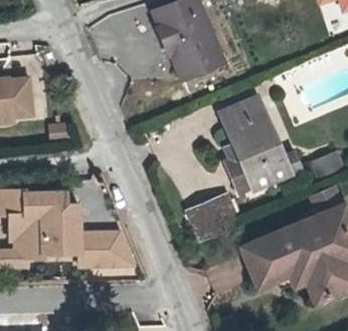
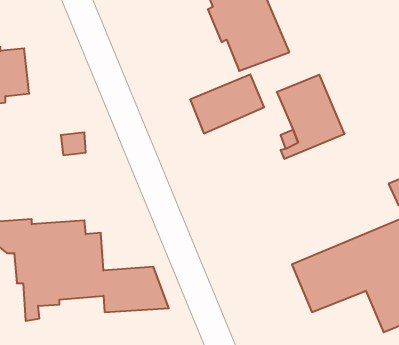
building: [230,137,290,184] -> [190,74,264,133]
building: [193,187,241,232] -> none

